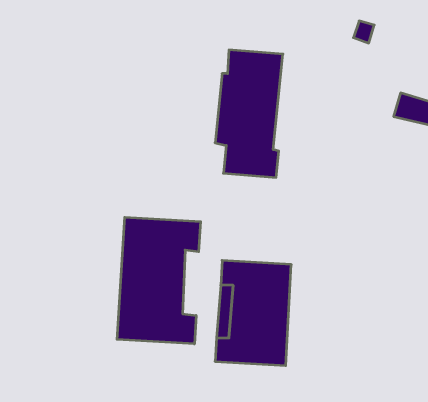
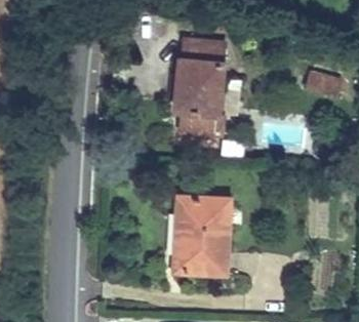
building: [117,217,201,344] -> none

